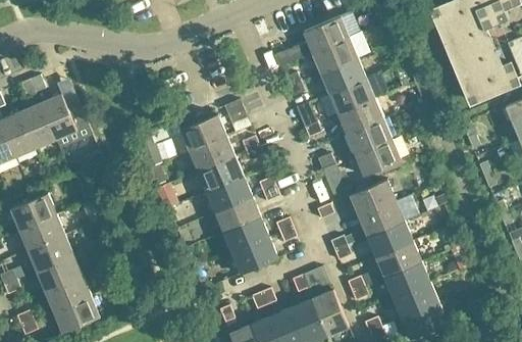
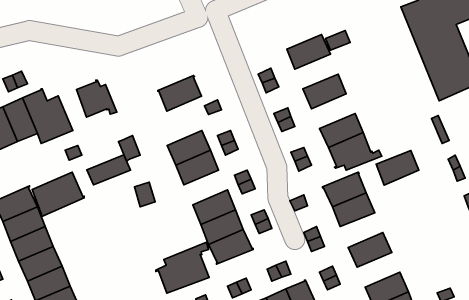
building: [288,11,361,60] -> none
building: [321,57,366,93] -> none
building: none -> [76,80,117,117]
building: [338,98,383,134] -> none
building: [180,114,225,151] -> [158,75,201,111]
building: none -> [87,155,130,185]
building: [207,177,252,212] -> none
building: none -> [32,172,84,216]
building: [368,221,412,256] -> [376,150,419,185]
building: none -> [156,242,209,293]
building: [385,261,429,297] -> none

